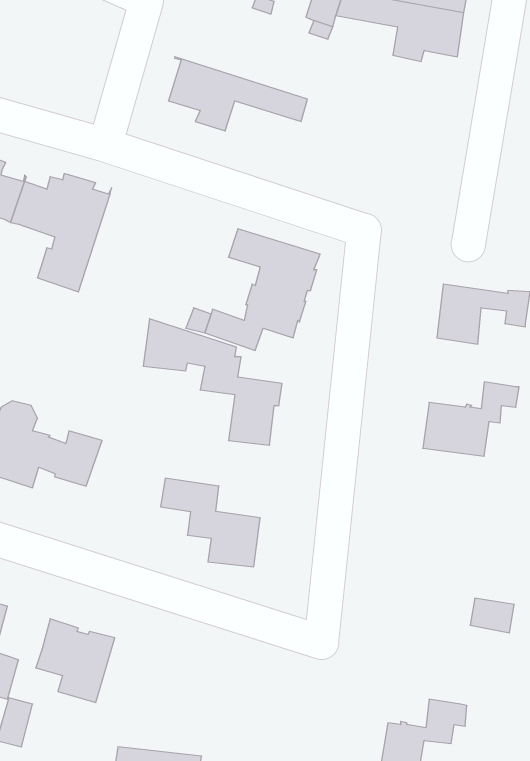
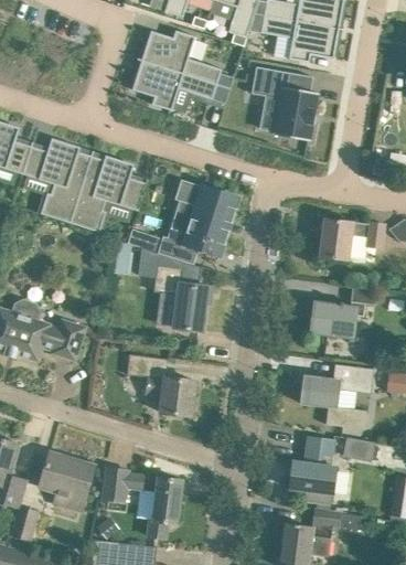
building: none -> [136,30,232,88]
building: none -> [250,66,318,140]
building: none -> [68,150,147,232]
building: none -> [300,364,373,429]
building: none -> [289,436,334,504]
building: none -> [102,467,182,537]

